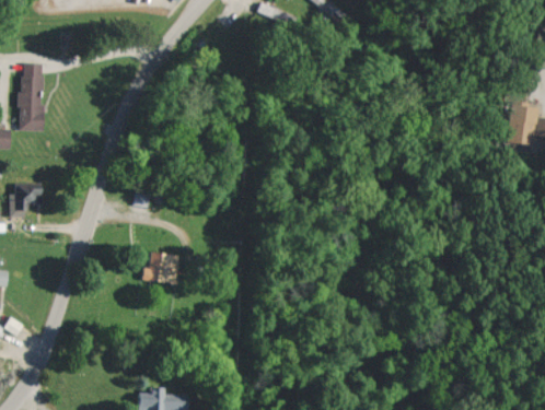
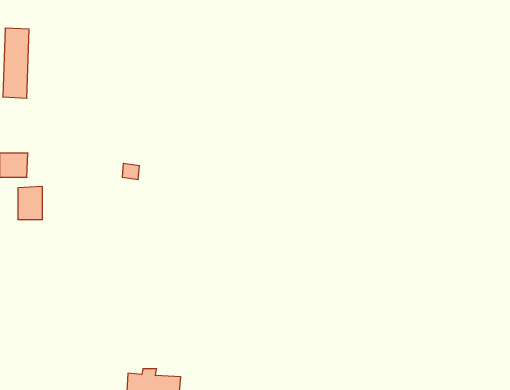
building: none -> [18,186,42,220]
building: [142,253,178,283] -> none

